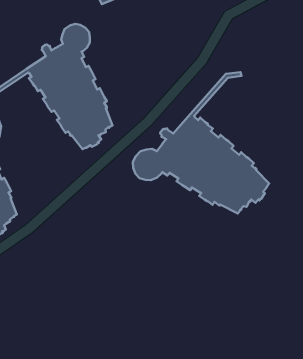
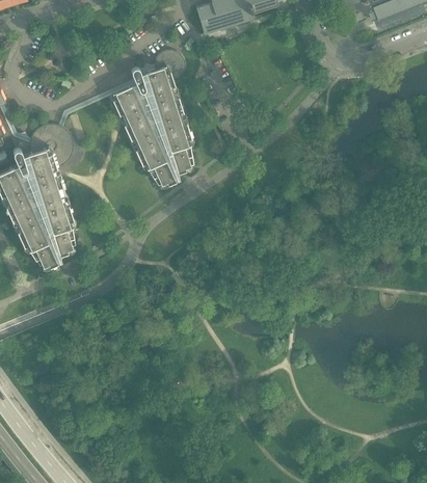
building: [133,72,269,214] -> none

